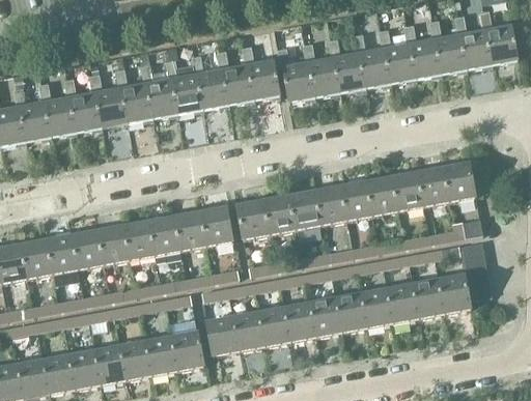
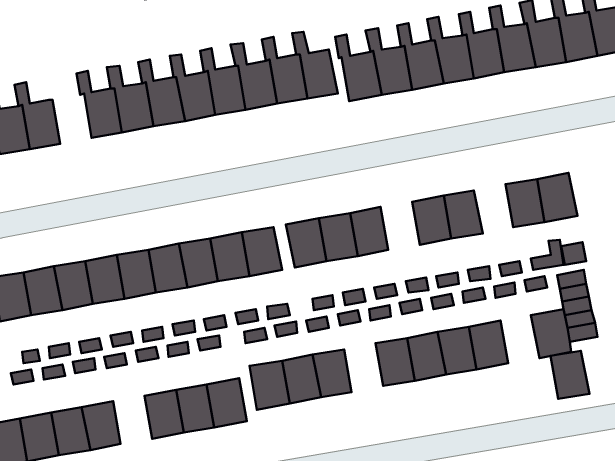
building: [37,82,76,137] -> none
building: [390,170,422,210] -> none
building: [313,184,345,224] -> none
building: [412,278,444,317] -> [551,351,590,399]
building: [283,300,315,341] -> none
building: [93,344,125,383] -> none

